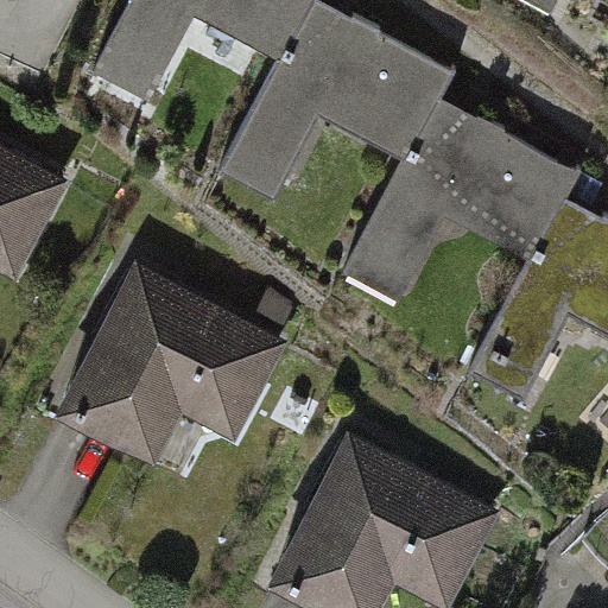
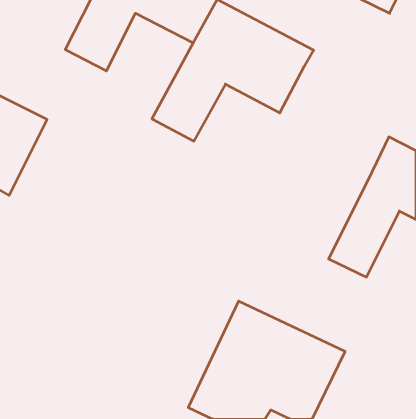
building: [346,95,577,302] -> none
building: [58,264,283,460] -> none

